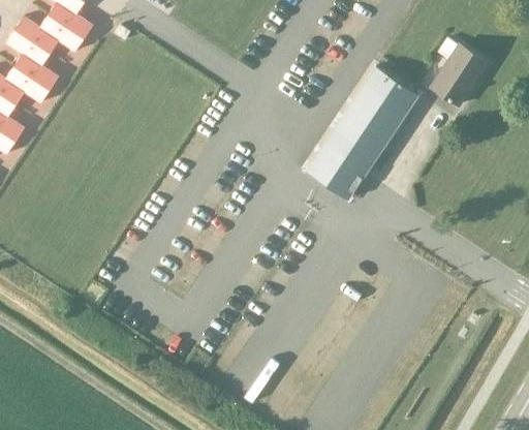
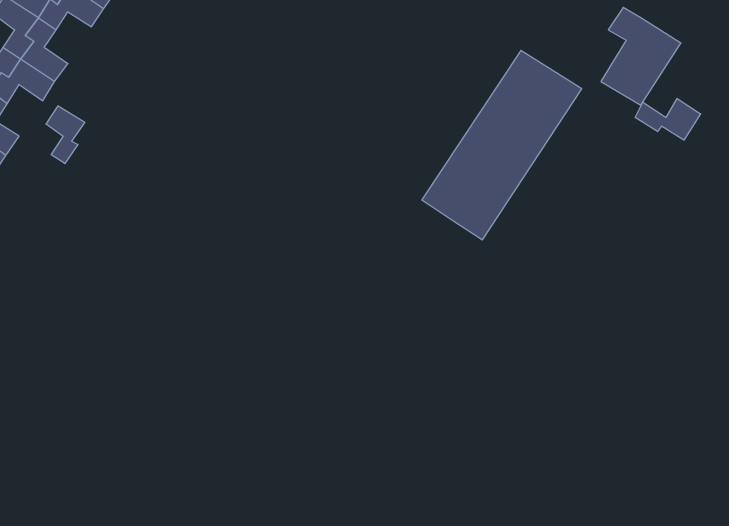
building: none -> [635,98,701,140]
building: none -> [46,106,85,164]

